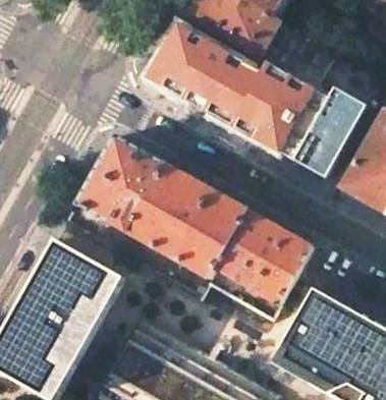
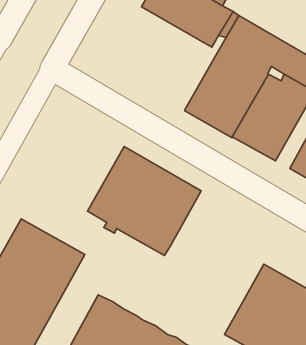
building: [148,24,260,124] -> none
building: [76,135,165,231] -> none
building: [214,210,313,304] -> none

